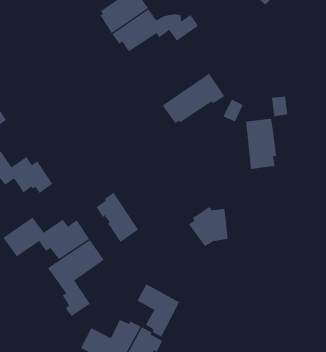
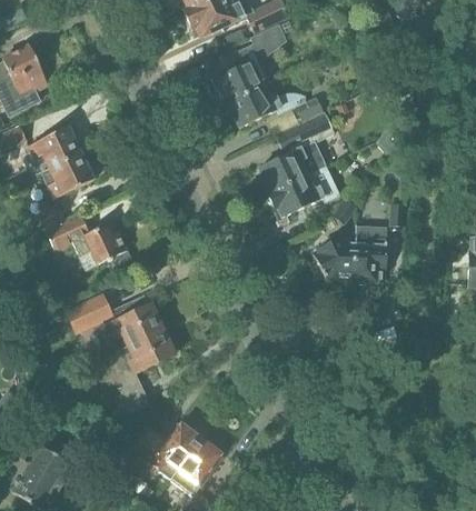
building: none -> [259,111,336,191]
building: [96,192,139,243] -> none
building: [188,206,229,247] -> [313,236,357,280]
building: [137,283,180,337] -> none

